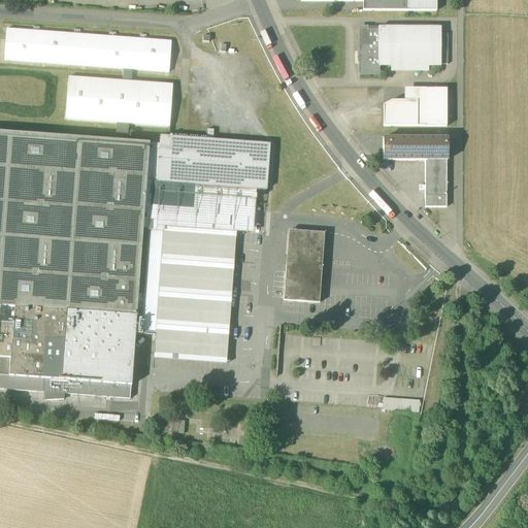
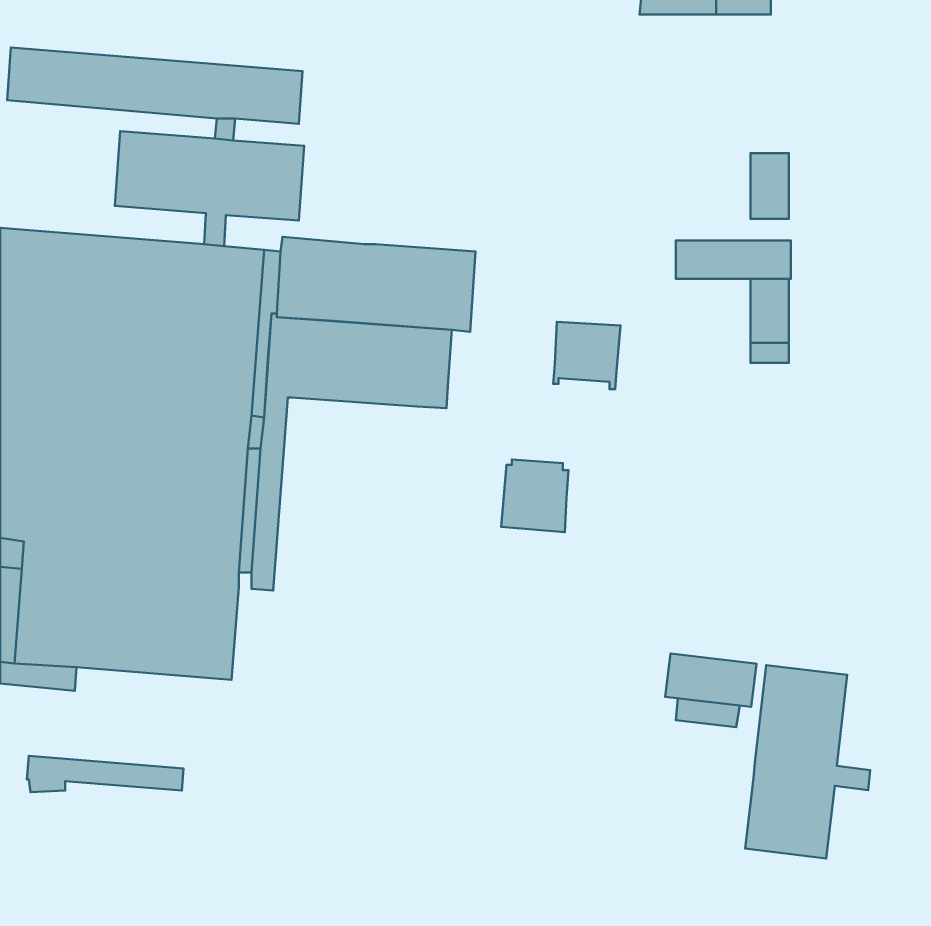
building: [359,25,440,72] -> none
building: [383,98,425,124] -> none
building: [154,225,236,362] -> none
building: [287,228,325,266] -> [553,322,621,389]
building: none -> [665,654,756,707]
building: none -> [745,665,870,858]
building: [42,377,131,398] -> [27,756,184,792]

